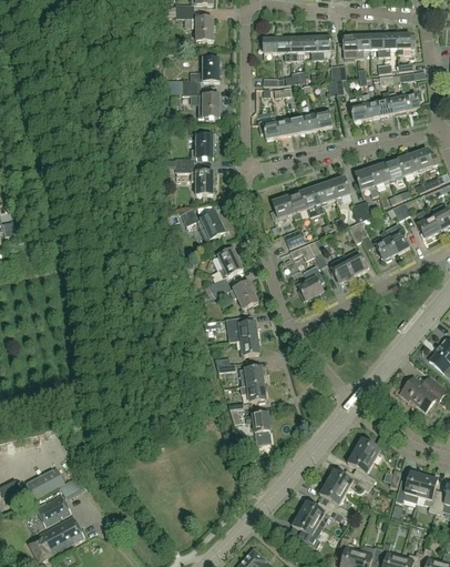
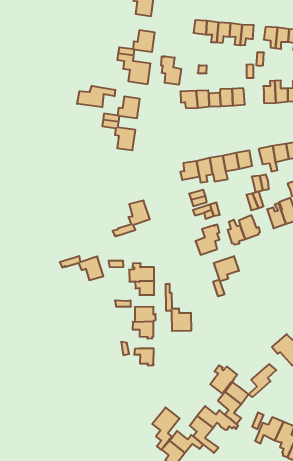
building: none -> [161,56,181,85]
building: none -> [77,86,115,107]
building: [183,210,225,241] -> none
building: [207,280,258,307] -> [60,256,103,280]
building: none -> [213,256,239,296]
building: none -> [166,284,191,331]
building: none -> [249,364,276,397]
building: none -> [210,365,237,394]
building: none -> [152,407,180,450]

